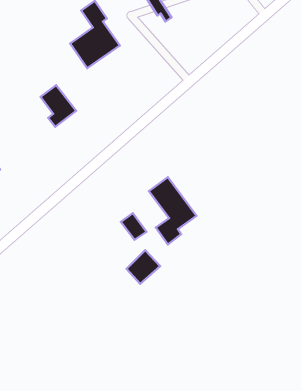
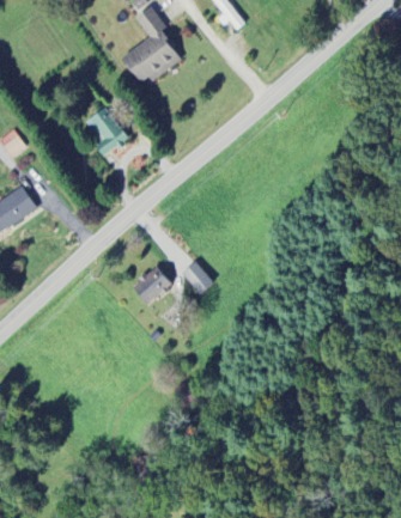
building: [149,177,197,244] -> none
building: [126,250,160,284] -> [133,264,174,305]

